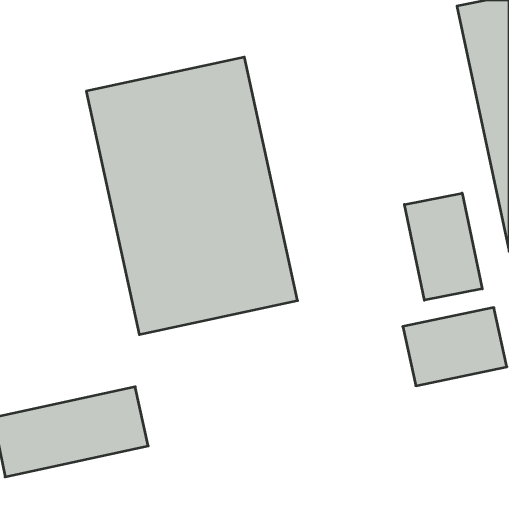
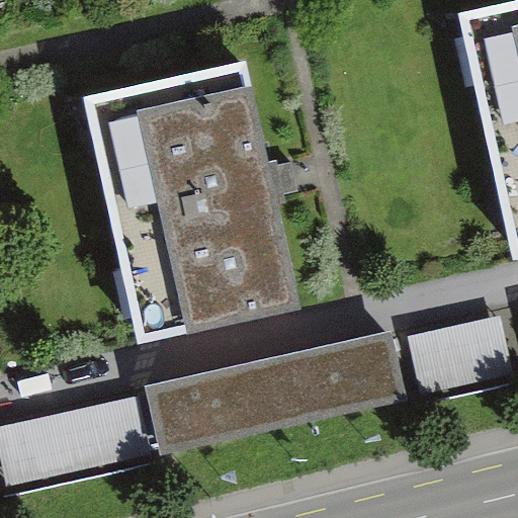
building: [404,193,482,300] -> none
building: none -> [145,325,406,449]

